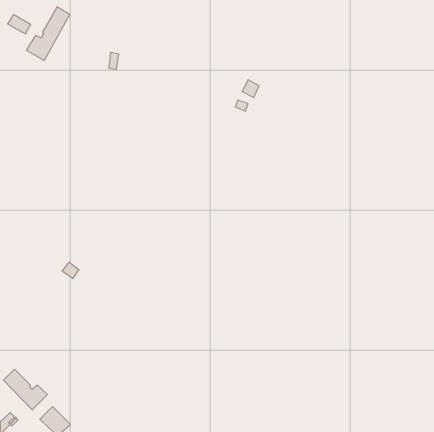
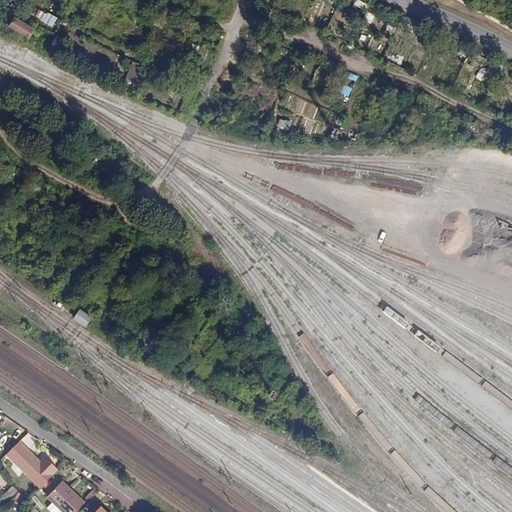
building: [27,7,70,61] -> none

